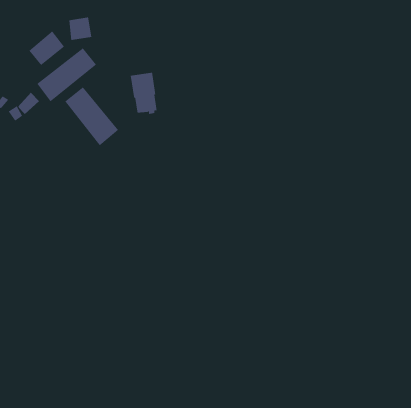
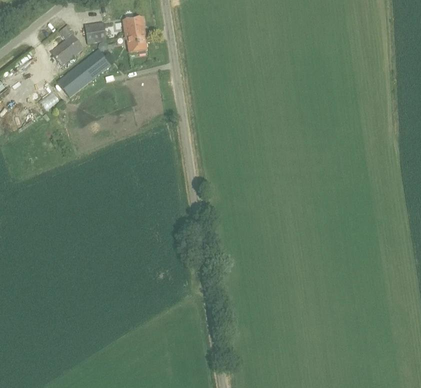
building: [130,72,157,114] -> [122,16,146,53]
building: [64,86,119,146] -> none

